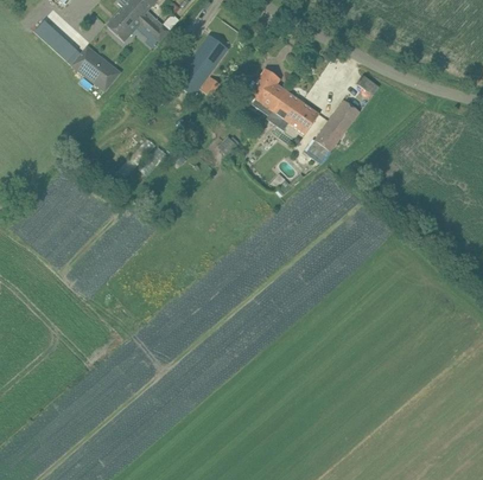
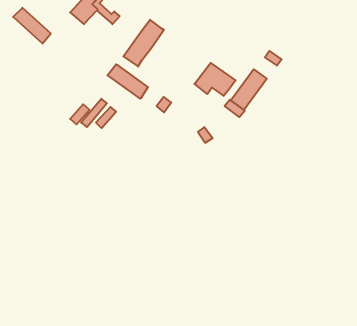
building: [71,46,121,92] -> none
building: [244,69,288,116] -> none
building: none -> [107,64,148,99]

